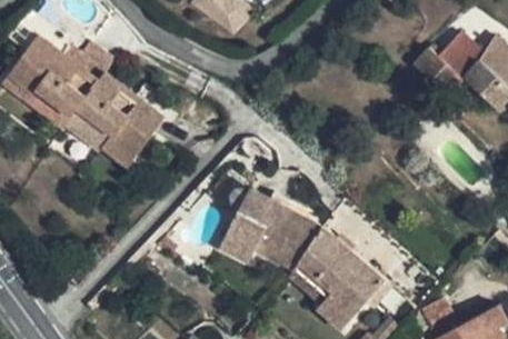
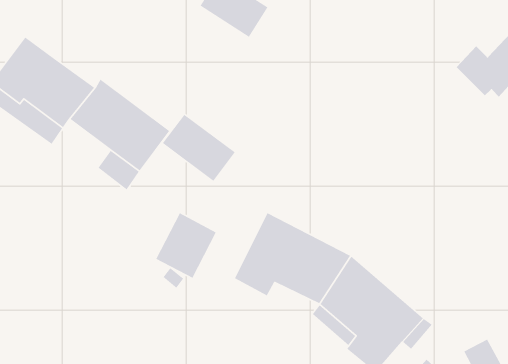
building: [62,40,113,79] -> none
building: none -> [162,114,236,182]
building: none -> [155,212,217,279]

